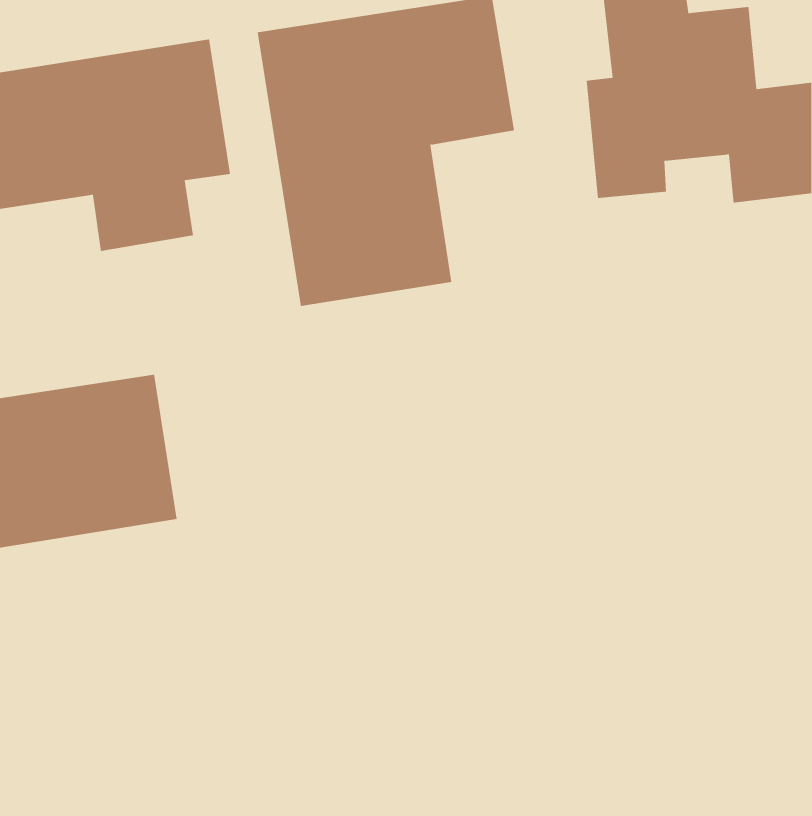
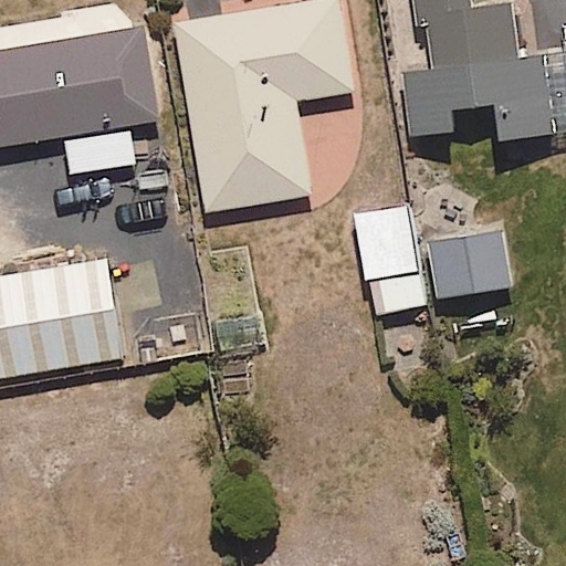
building: none -> [354,202,422,312]
building: none -> [428,230,510,297]

